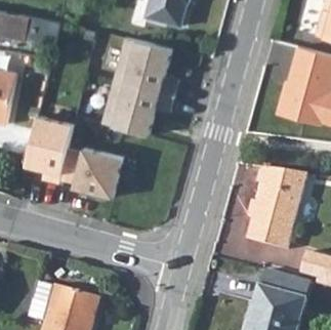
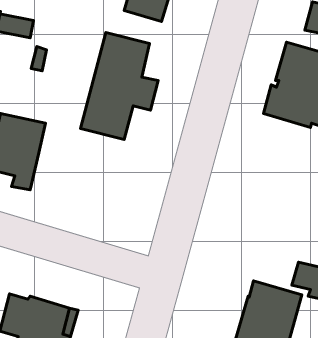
building: [56,149,115,193] -> none
building: [245,165,305,246] -> none

